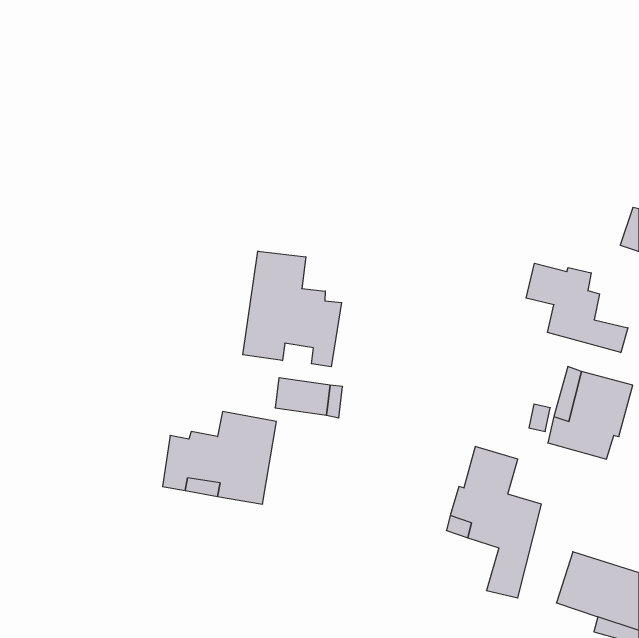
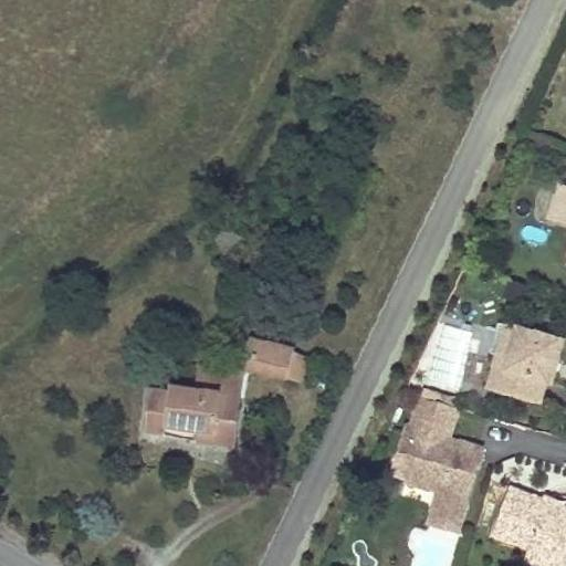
building: [243,251,342,367] -> none
building: [526,263,628,353] -> none

